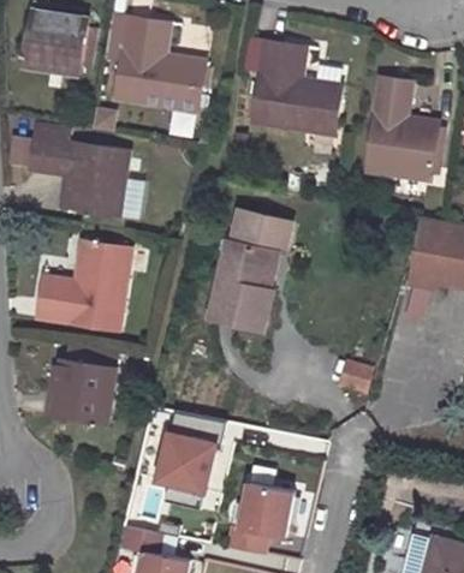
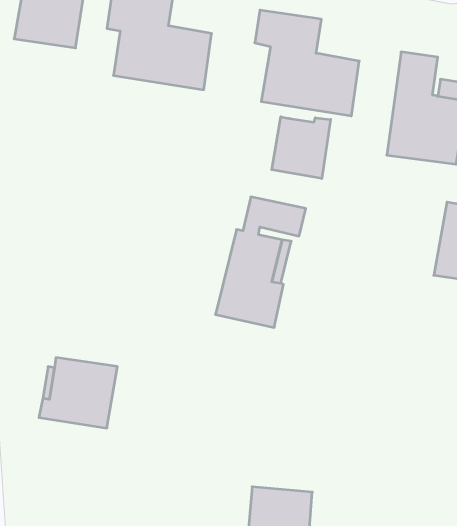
building: [29,137,129,216] -> none
building: none -> [272,117,331,179]
building: [36,241,131,332] -> none
building: [155,408,226,500] -> none

